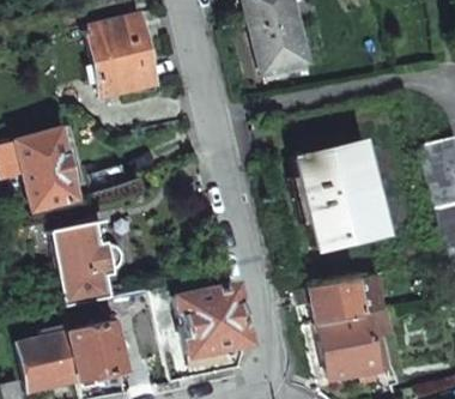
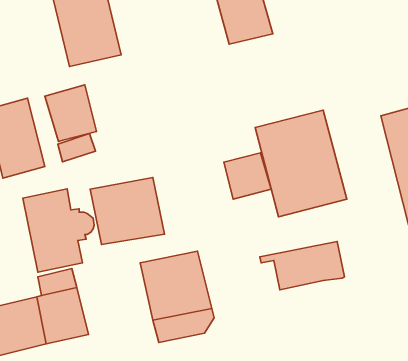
building: none -> [45,85,97,141]
building: none -> [224,153,271,199]
building: none -> [90,177,164,245]
building: [317,312,388,379] -> none

